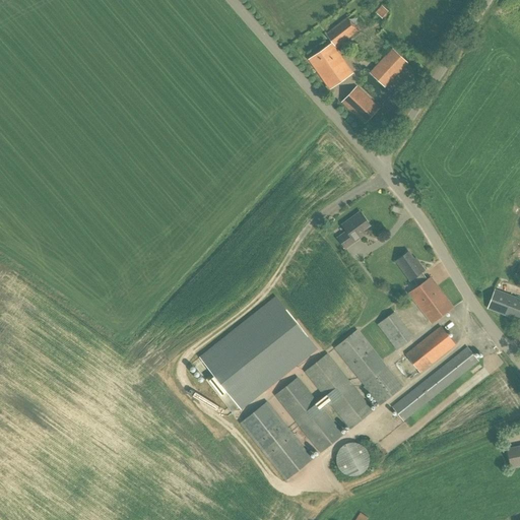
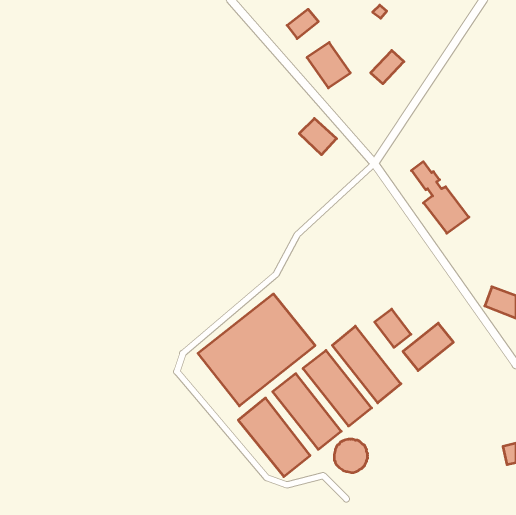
building: [326,17,358,47] -> [287,9,318,39]
building: [341,86,379,123] -> [299,118,337,155]
building: [337,211,370,248] -> none
building: [396,251,454,323] -> [411,162,469,233]
building: [391,345,479,420] -> none

